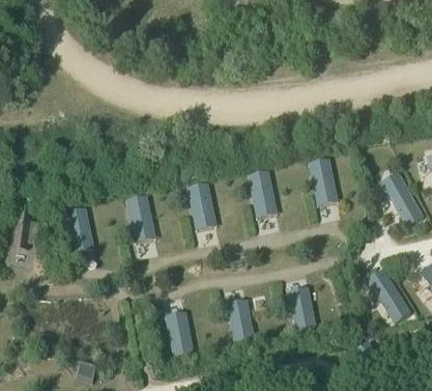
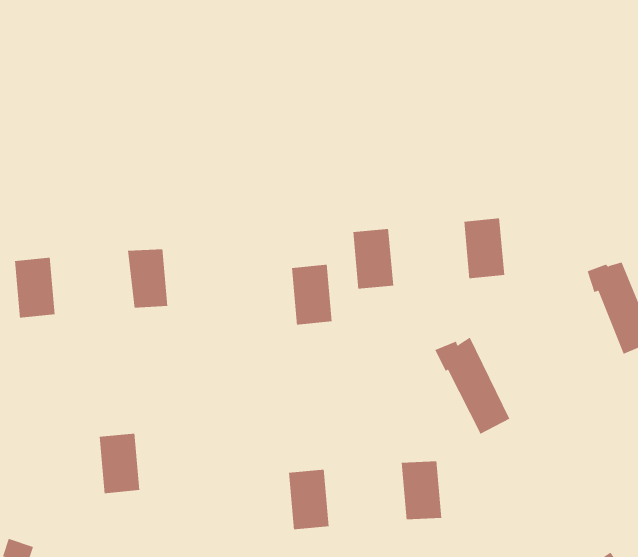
building: [189,184,214,219] -> [291,264,333,325]
building: [364,272,409,325] -> [435,337,510,434]
building: [168,319,194,355] -> [99,433,140,494]

